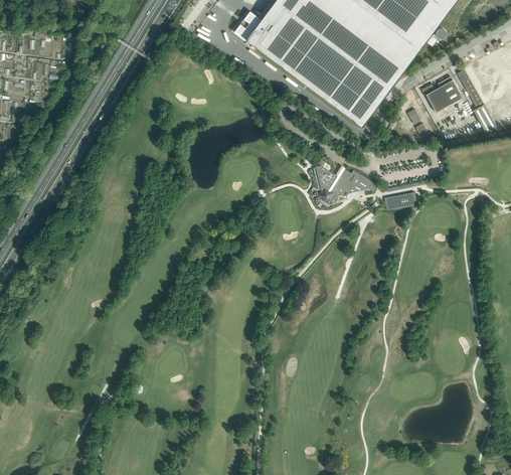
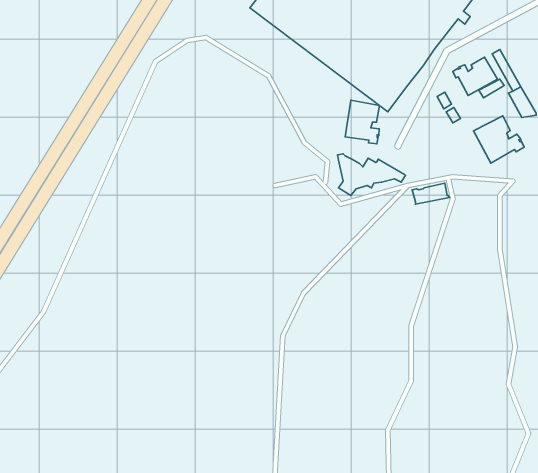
building: none -> [345,100,379,144]
building: none -> [473,116,524,163]

